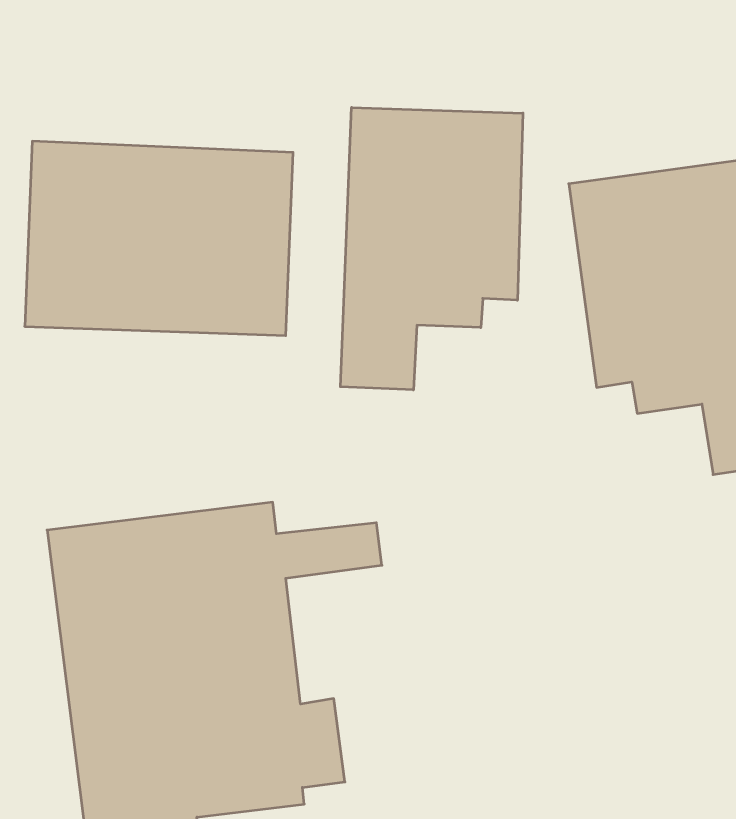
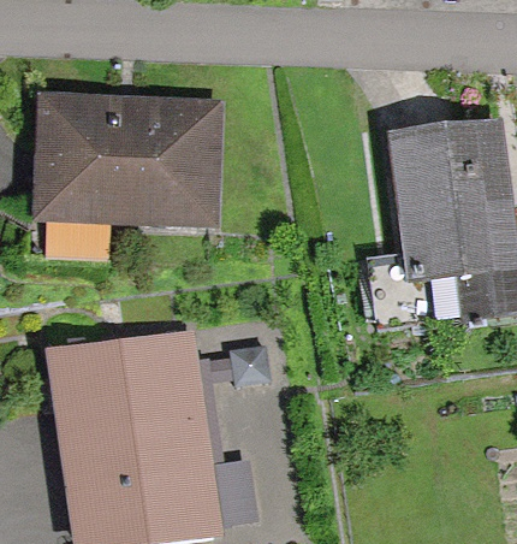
building: [340,107,523,390] -> none

